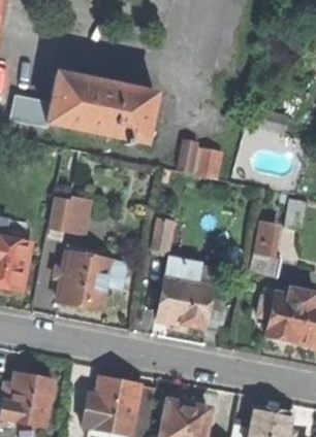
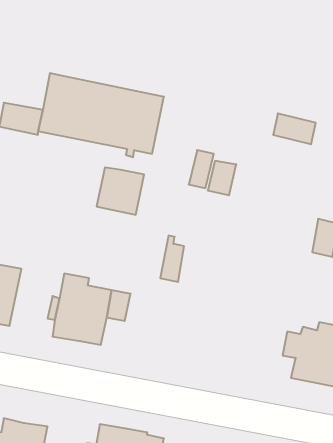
building: [51,193,92,234] -> [97,167,144,215]
building: [252,222,283,277] -> none
building: [157,259,228,333] -> none

